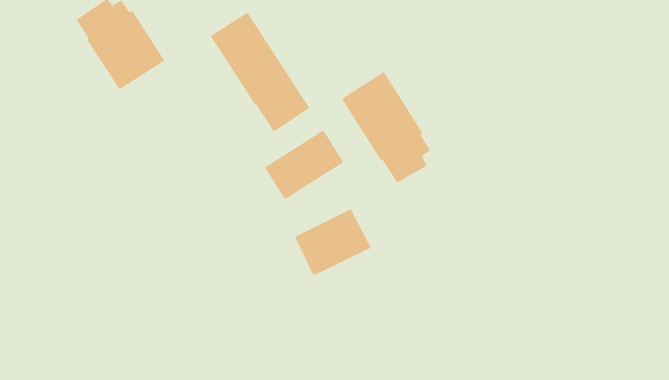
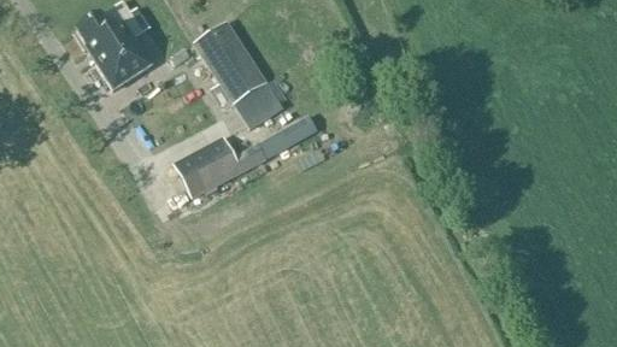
building: [341,71,431,183] -> none
building: [294,208,372,276] -> [172,136,241,196]

